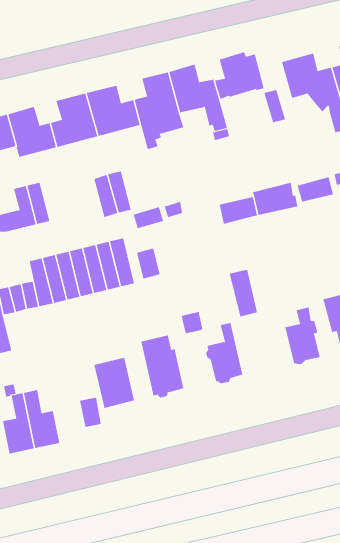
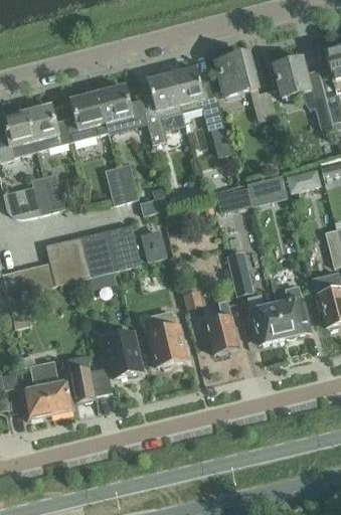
building: none -> [249,295,285,343]
building: none -> [68,355,96,400]

